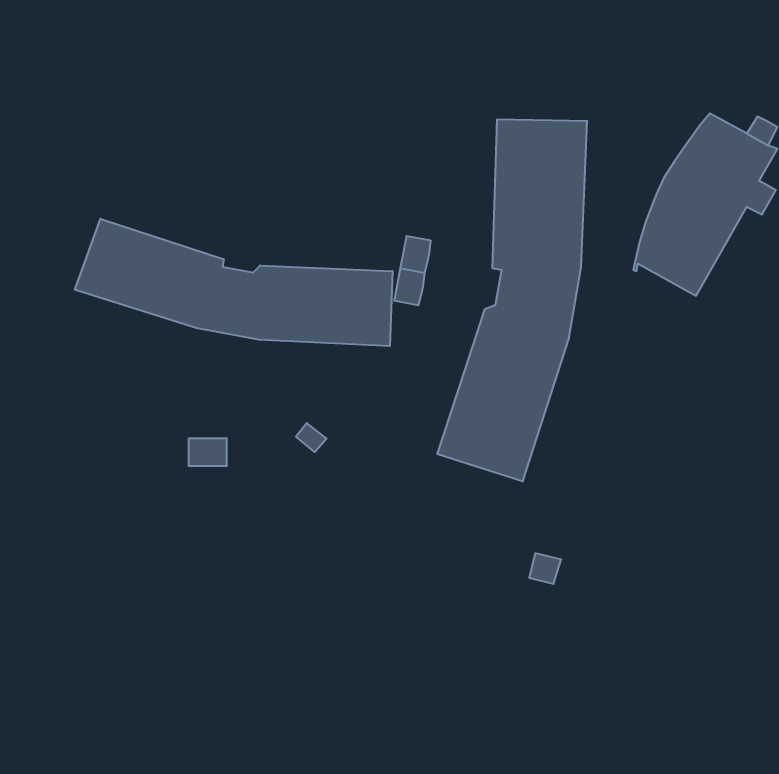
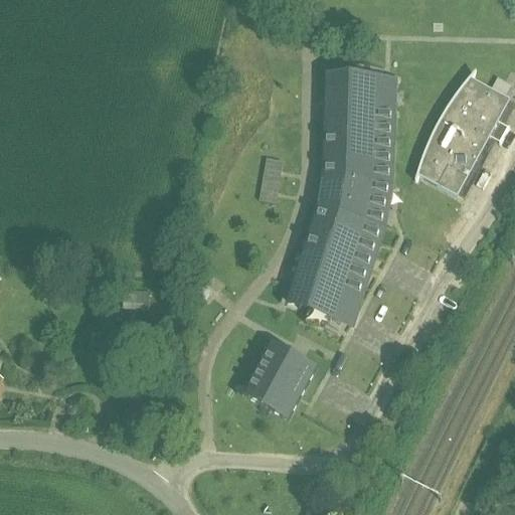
building: [75,219,393,346] -> none
building: none -> [246,343,319,416]

